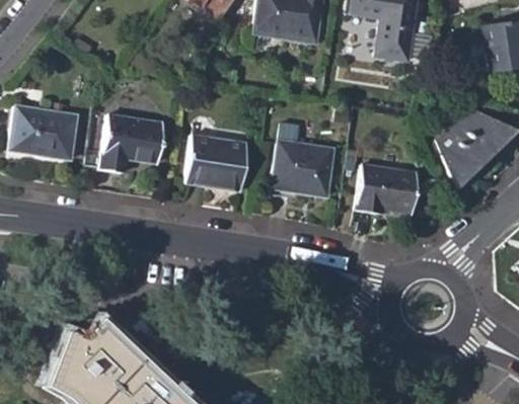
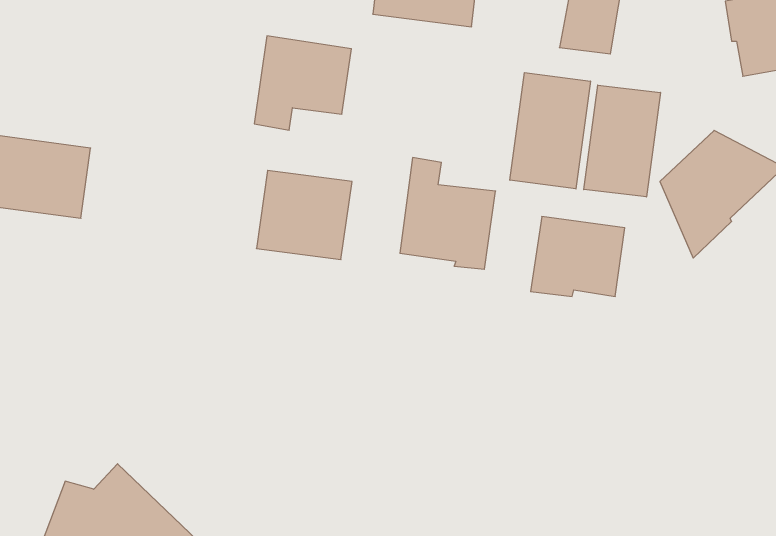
building: none -> [510,73,590,189]
building: none -> [584,85,660,197]
building: [99,113,161,173] -> [254,36,351,130]

